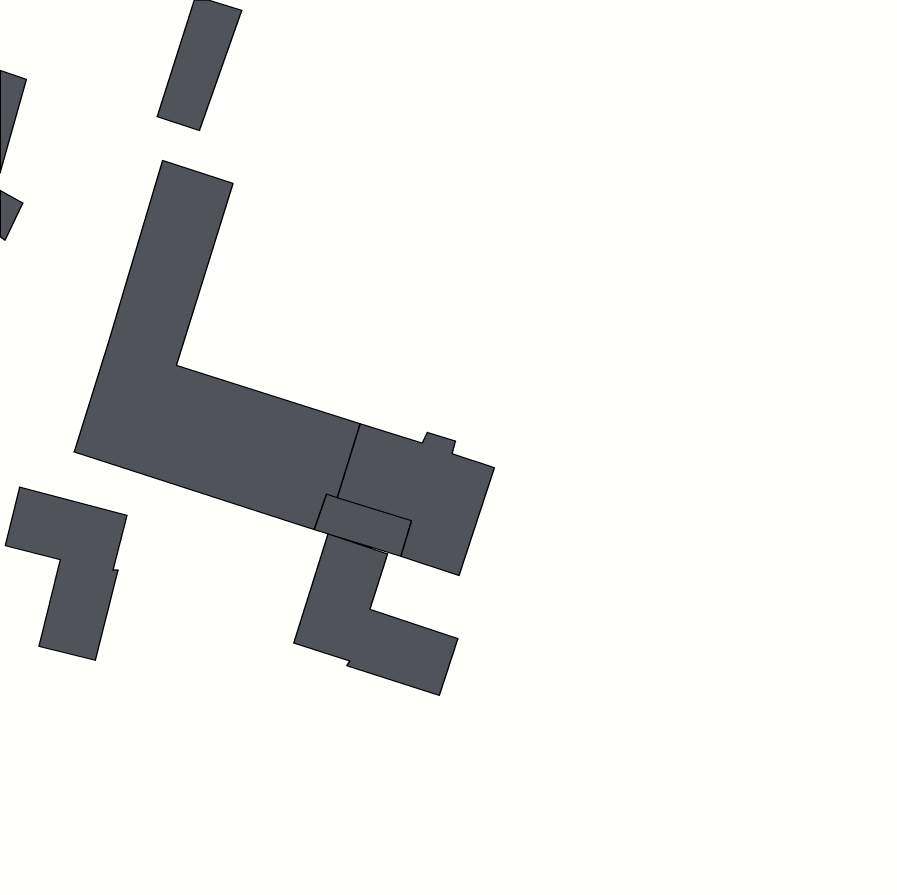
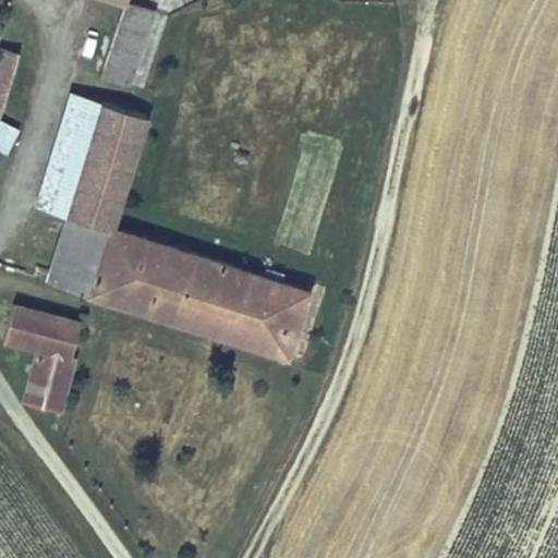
building: none -> [40,95,104,217]
building: [294,534,458,695] -> none

